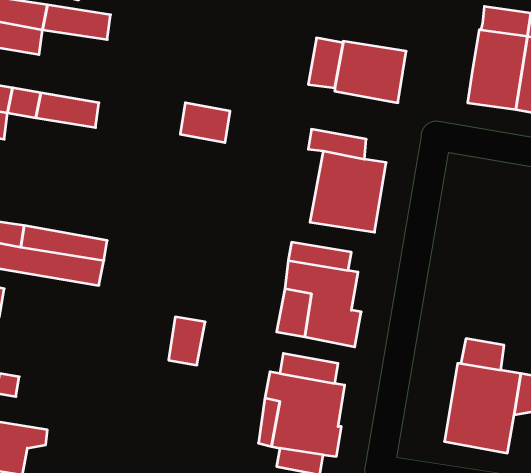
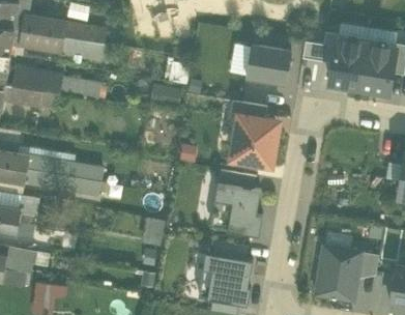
building: none -> [301,31,338,62]
building: none -> [61,37,104,62]

